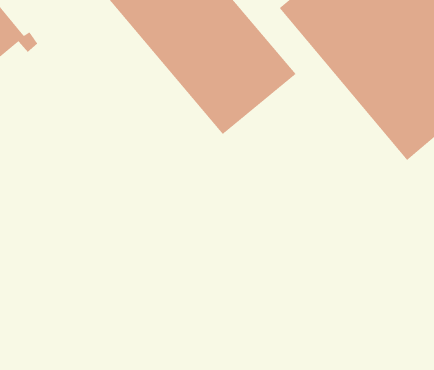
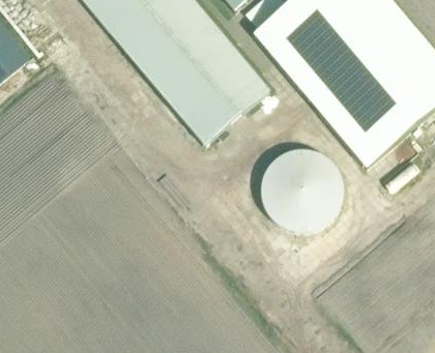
building: none -> [263,148,339,225]

